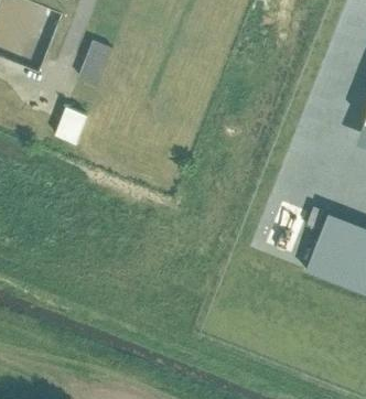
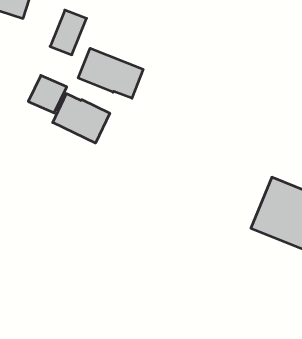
building: none -> [78,48,143,98]
building: none -> [53,94,110,143]

